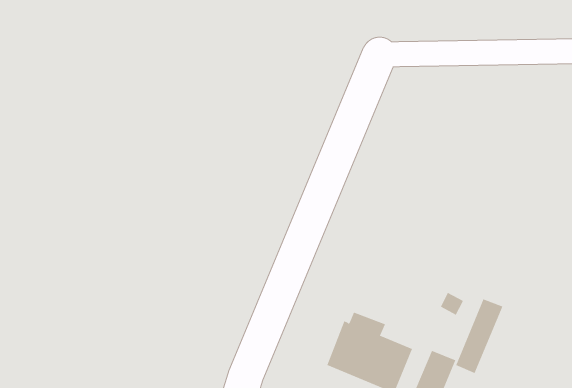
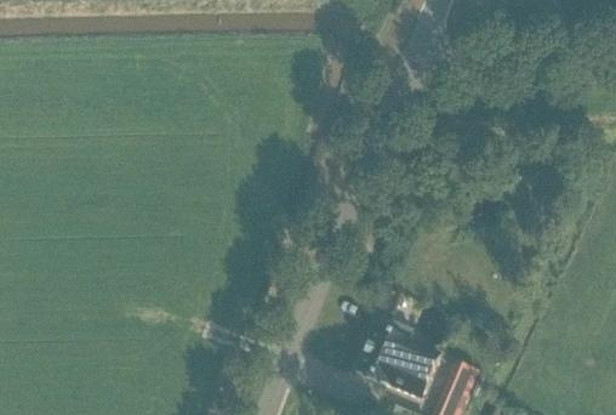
building: [455,298,503,374] -> none

